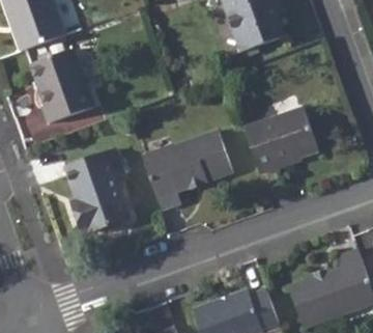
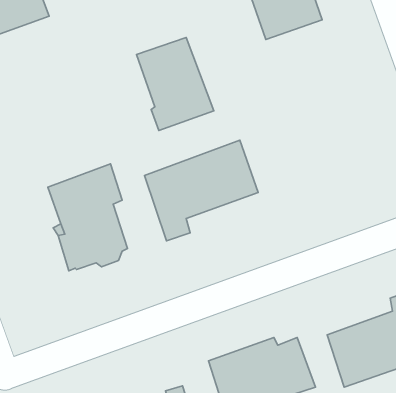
building: [34,47,95,120] -> [137,38,214,130]
building: [245,108,318,175] -> none

